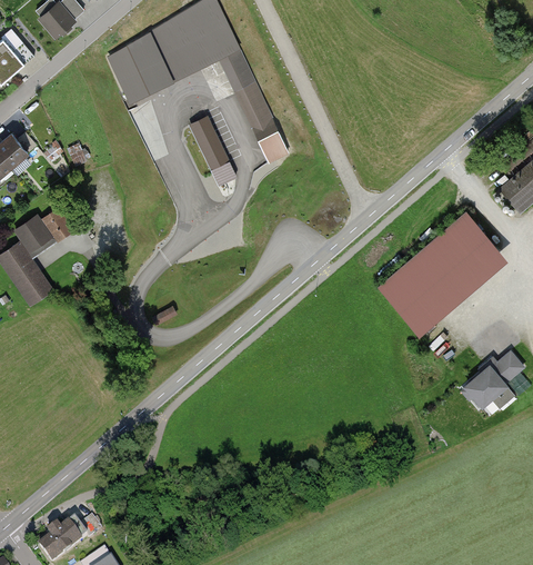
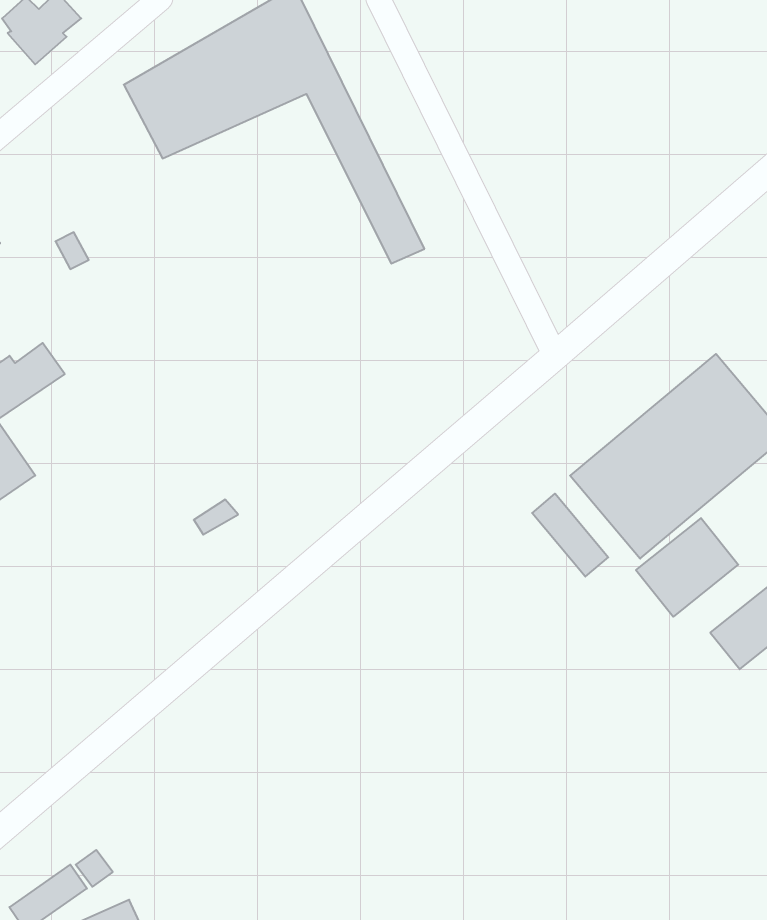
building: [188,115,237,185] -> none
building: none -> [532,494,608,577]
building: none -> [636,518,738,617]

